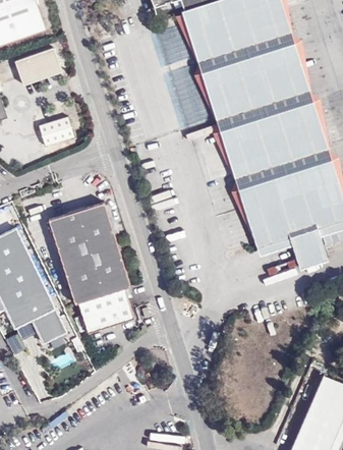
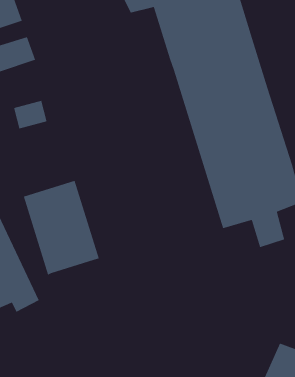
building: [77,286,133,332] -> none

